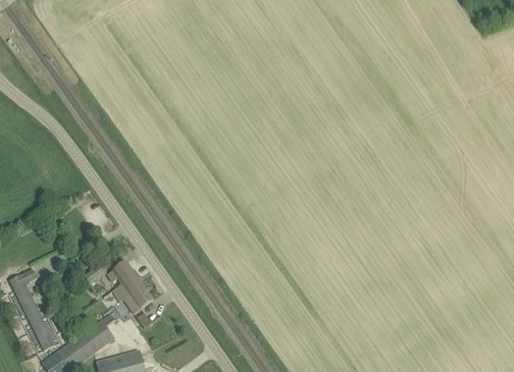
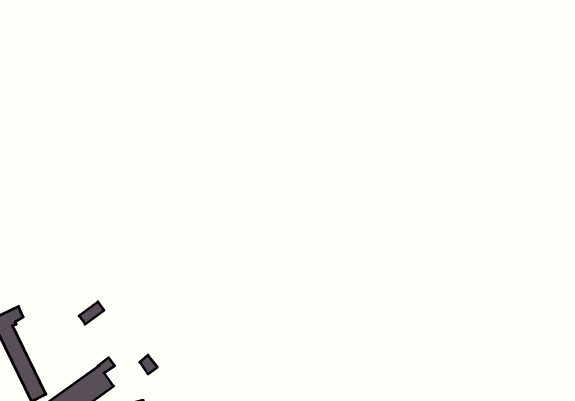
building: [106,260,153,312] -> none

